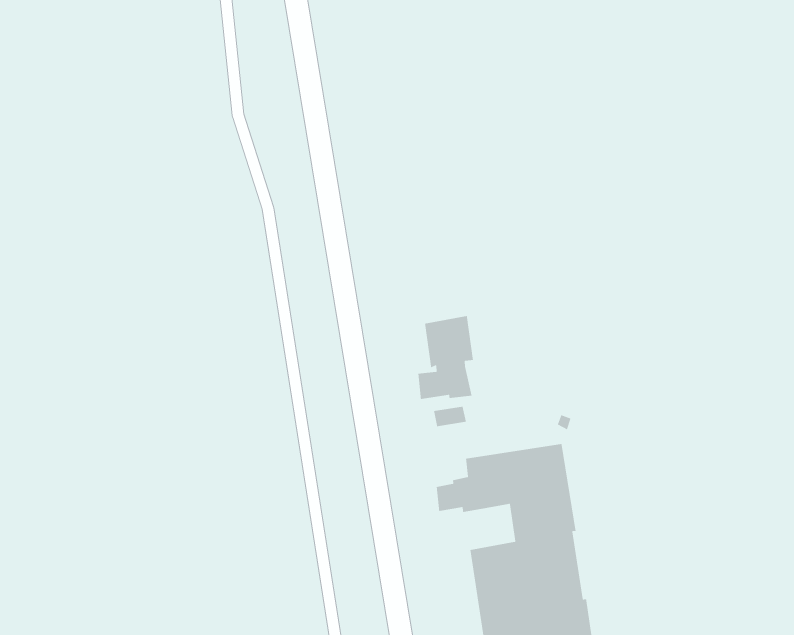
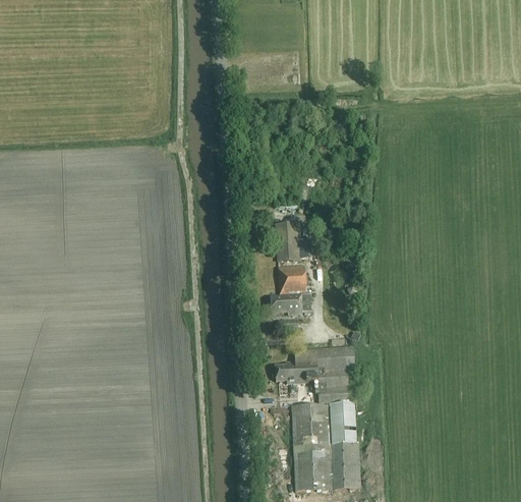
building: none -> [275,221,298,261]

